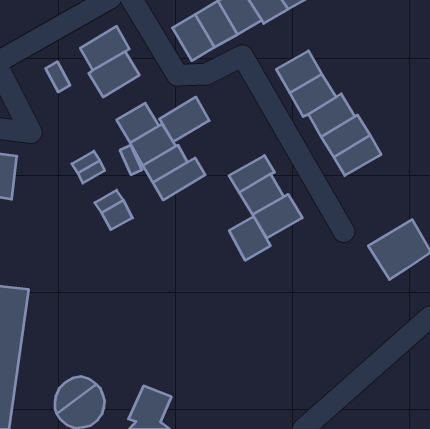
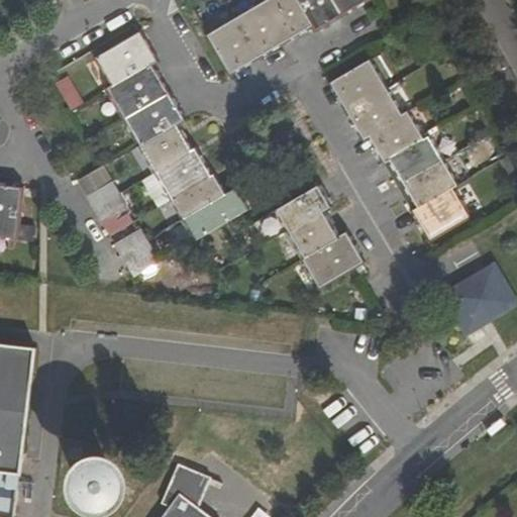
building: [159,97,209,142] -> [123,90,183,143]
building: none -> [412,187,469,237]
building: [229,216,270,260] -> none

